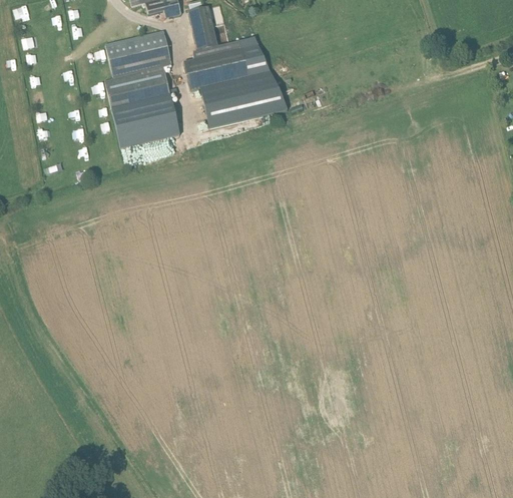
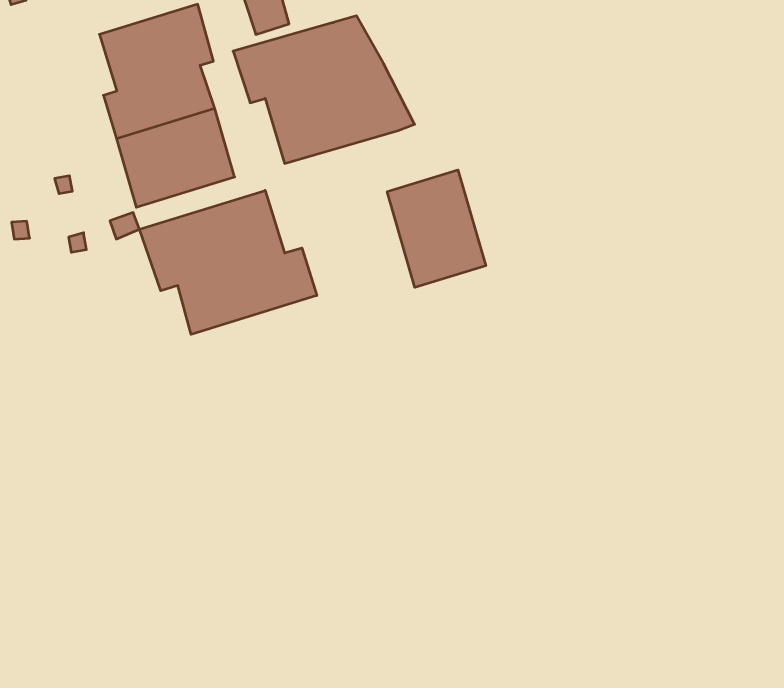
building: none -> [387,170,486,287]
building: none -> [139,190,317,334]

